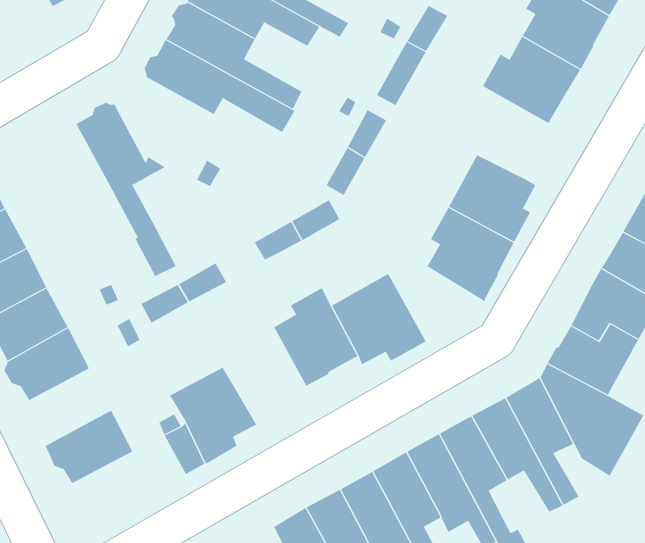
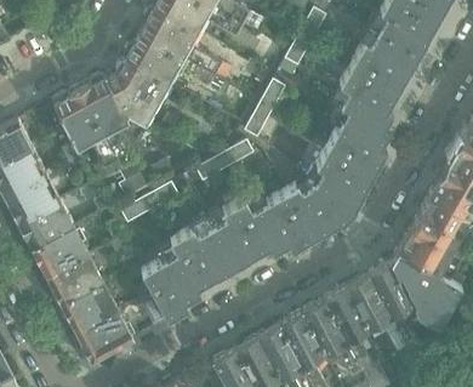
building: none -> [107,58,172,124]
building: none -> [341,64,398,127]
building: none -> [52,90,120,173]
building: none -> [290,184,353,237]
building: none -> [171,227,234,286]
building: none -> [47,255,103,307]
building: none -> [76,311,133,362]

